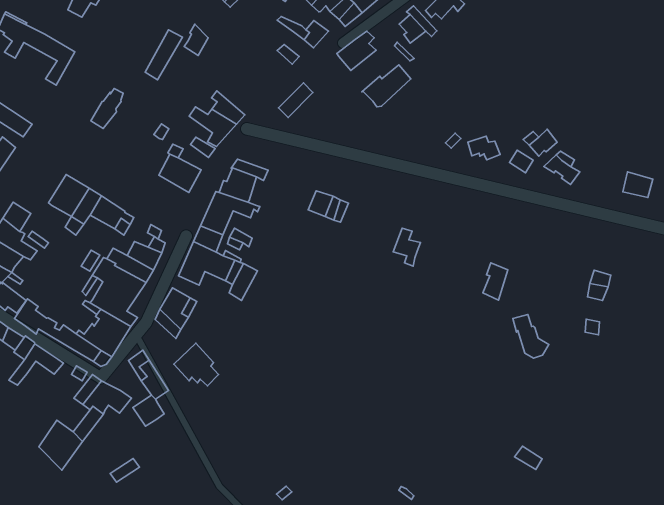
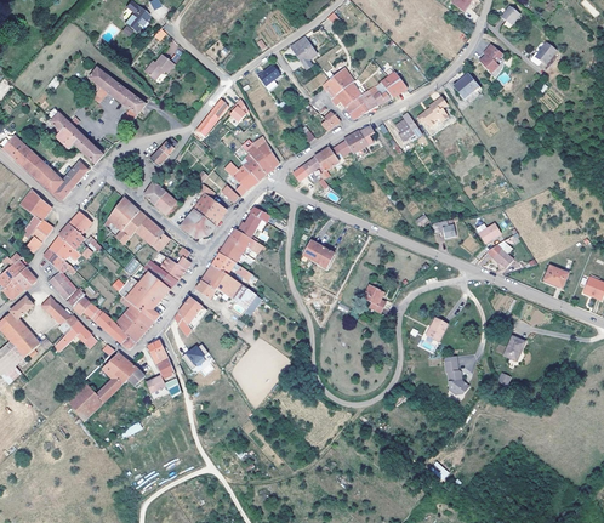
building: [362,65,411,107] -> [313,141,352,170]
building: none -> [241,135,278,174]
building: none -> [143,180,178,214]
building: none -> [180,209,213,238]

